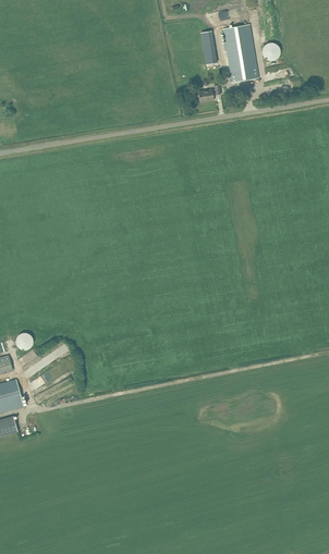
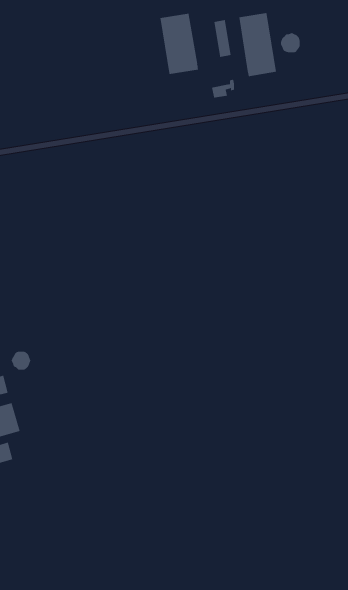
building: none -> [160,13,199,75]

